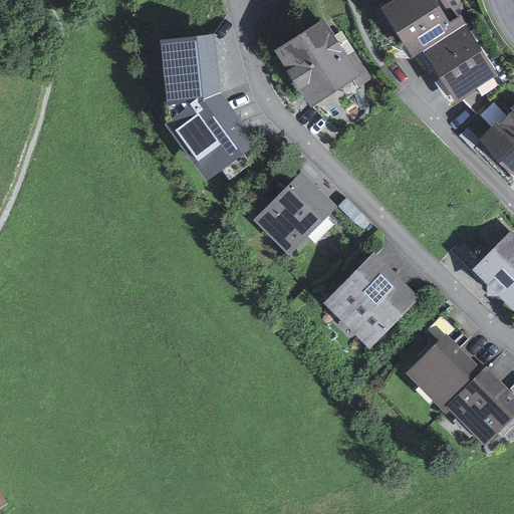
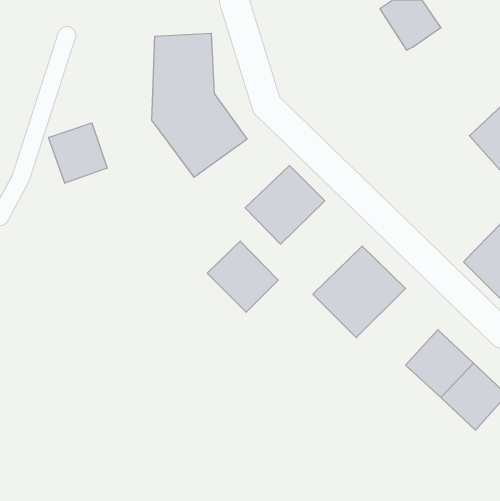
building: [277,22,362,109] -> none
building: [424,25,494,99] -> none
building: none -> [49,123,107,183]
building: none -> [207,241,278,312]

